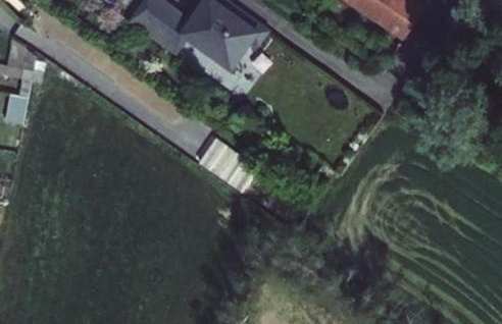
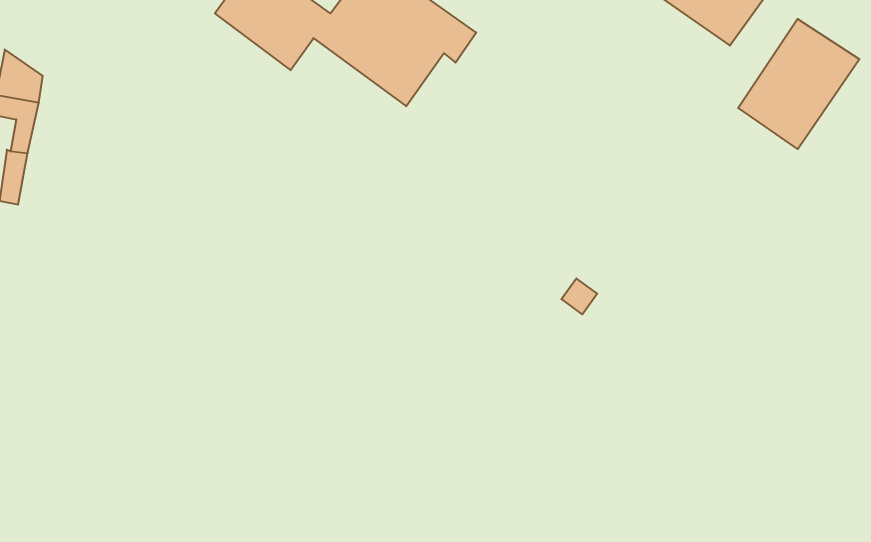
building: none -> [738,19,859,149]

